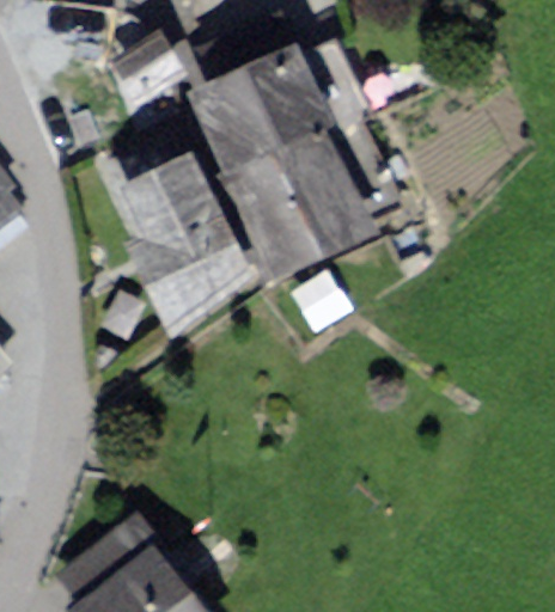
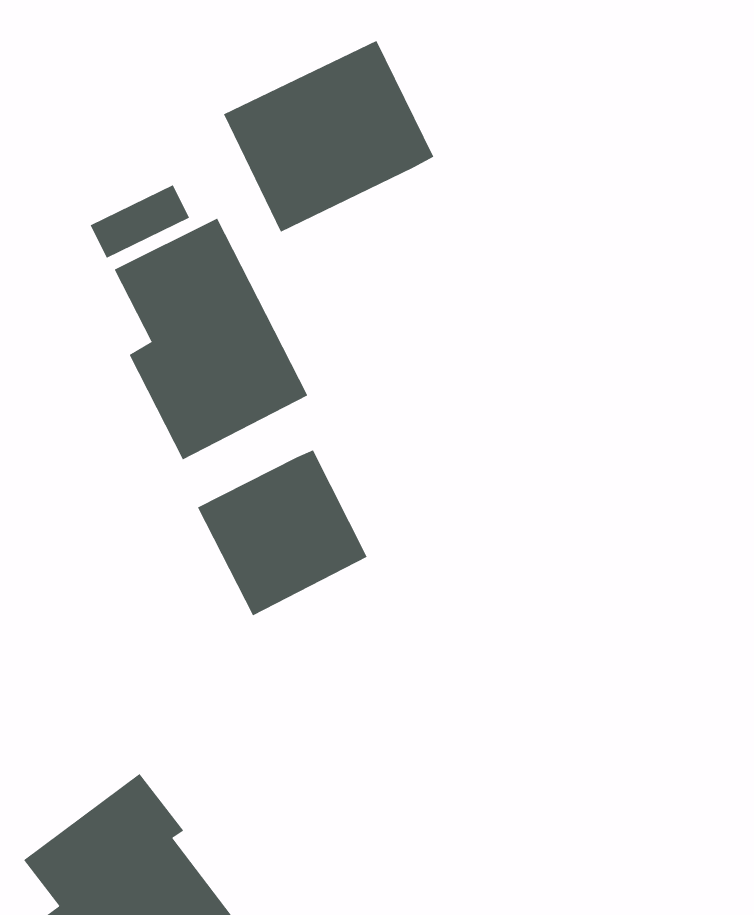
building: [222,124,368,271] -> none
building: none -> [197,449,367,616]

